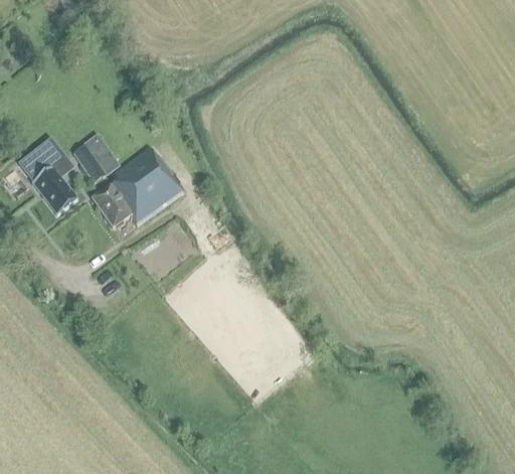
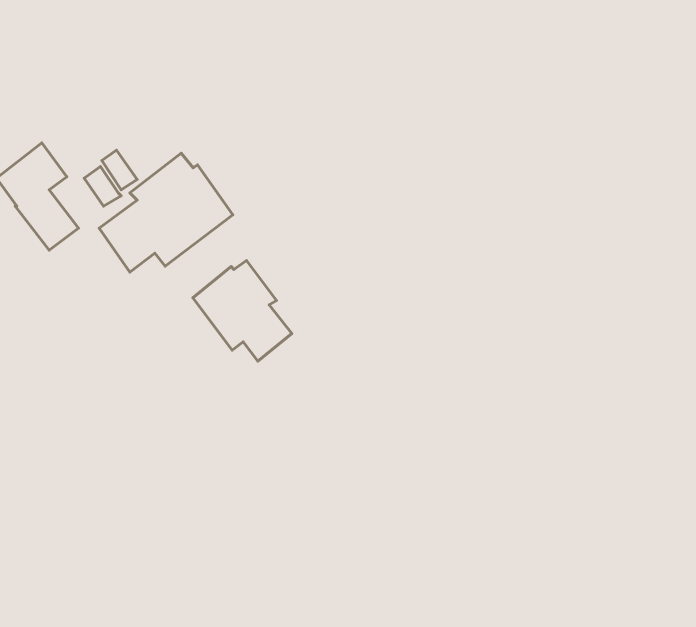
building: none -> [193,261,292,361]

